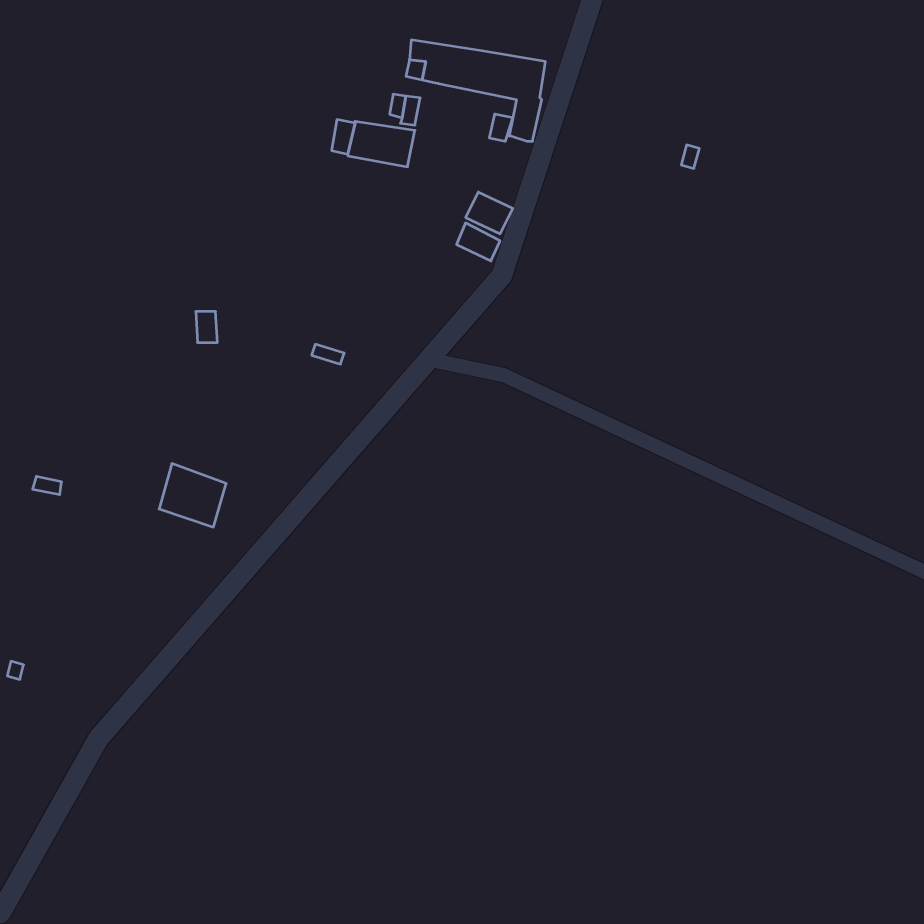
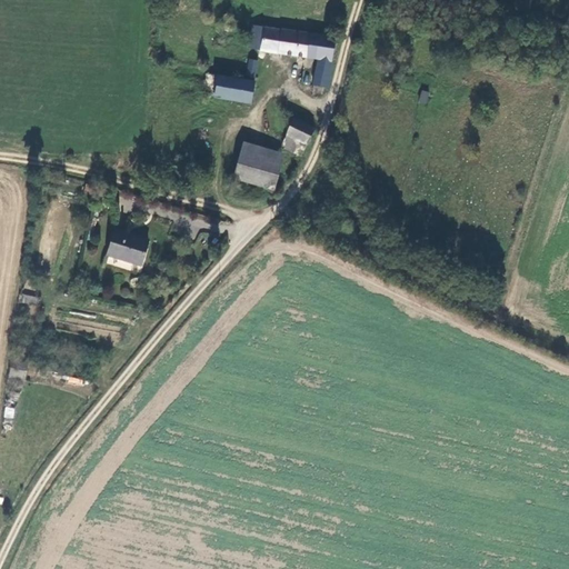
building: none -> [233,151,280,190]
building: [159,464,226,527] -> [108,228,149,267]

